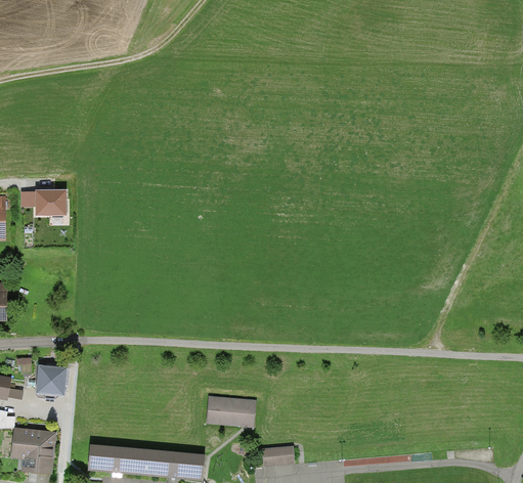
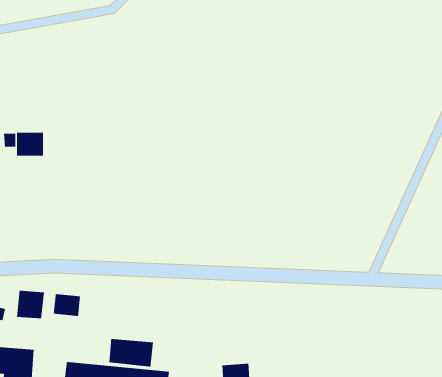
building: none -> [53,293,81,317]
building: [206,395,256,427] -> [109,338,154,367]

